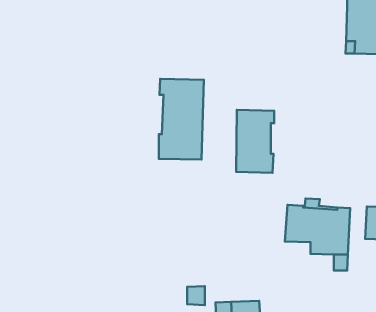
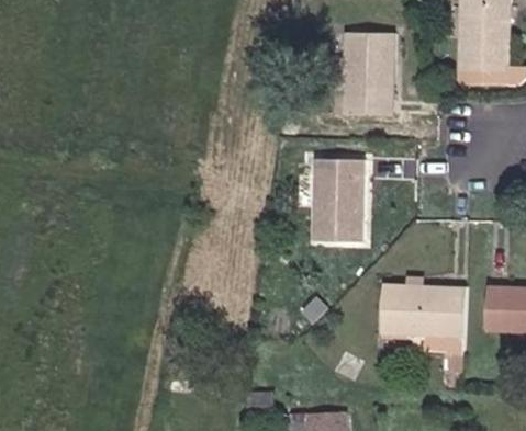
building: none -> [345,31,394,114]
building: [159,79,204,160] -> none

